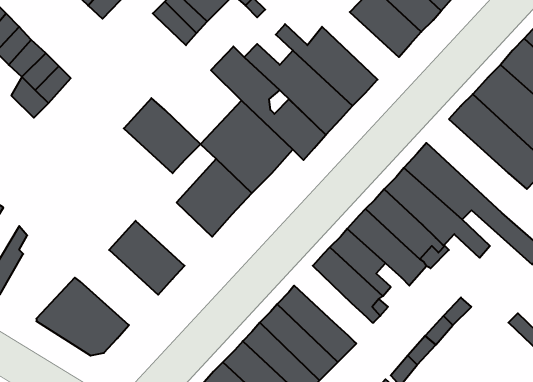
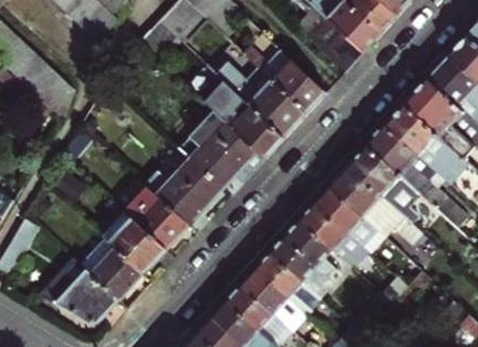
building: [124,98,200,173] -> [121,185,186,248]
building: none -> [367,125,441,204]
building: none -> [75,235,140,298]
building: none -> [255,248,322,314]

